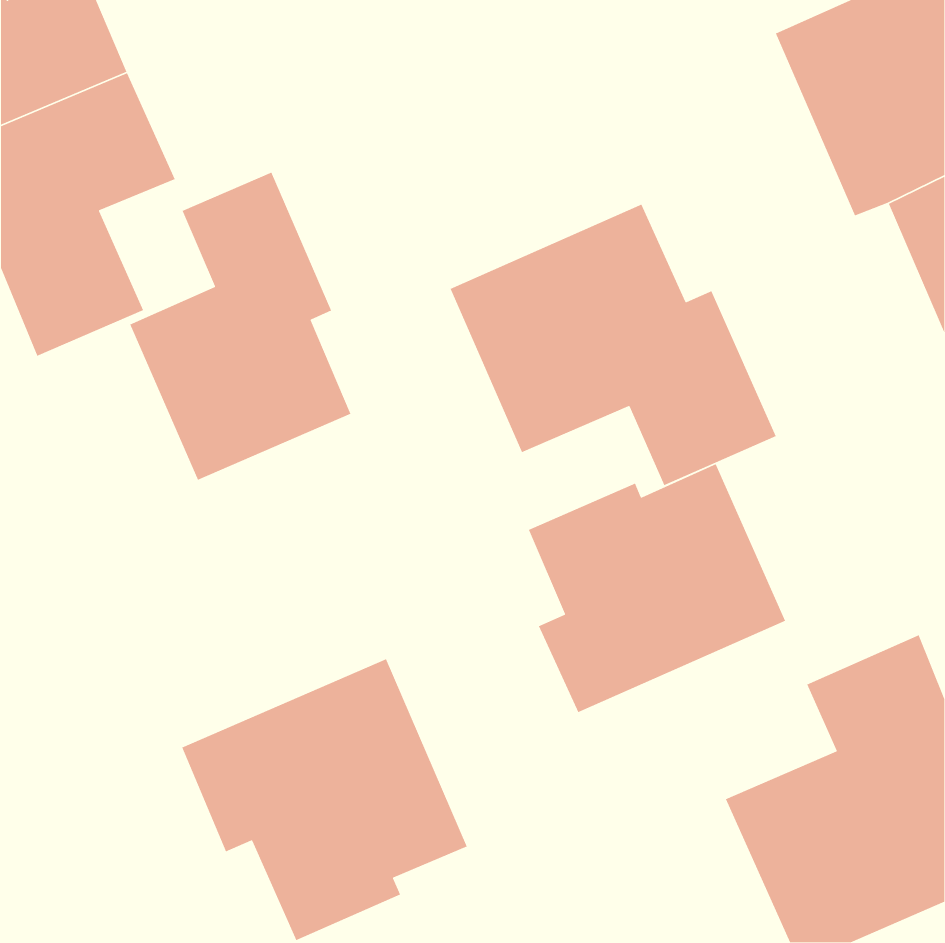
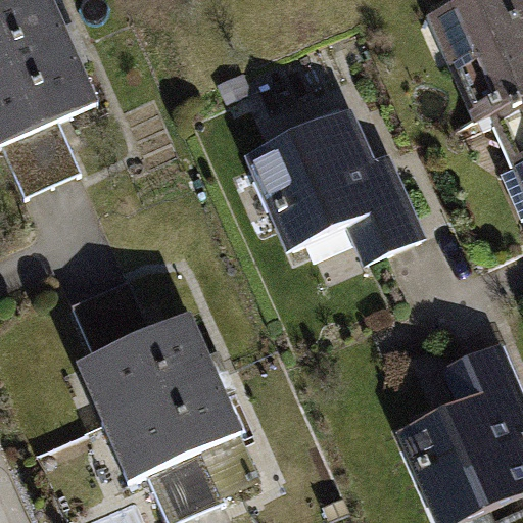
building: [129,171,352,481] -> none
building: [528,463,786,713] -> none
building: none -> [67,274,213,413]

